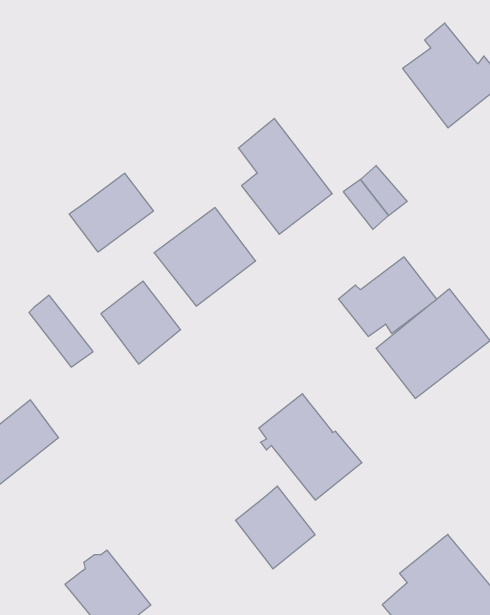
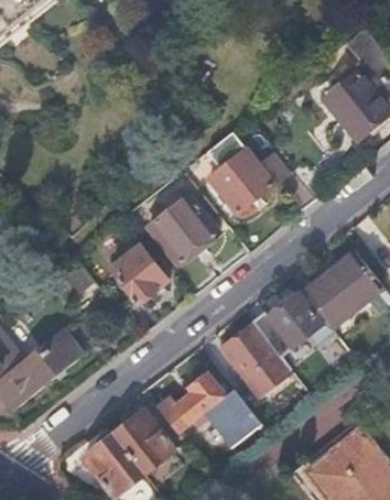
building: [69,173,153,252] -> none
building: [338,257,437,337] -> [252,293,322,349]
building: none -> [176,376,225,425]
building: none -> [113,411,175,474]

